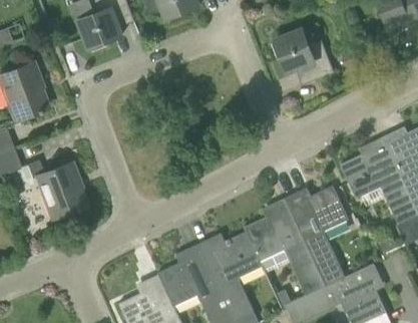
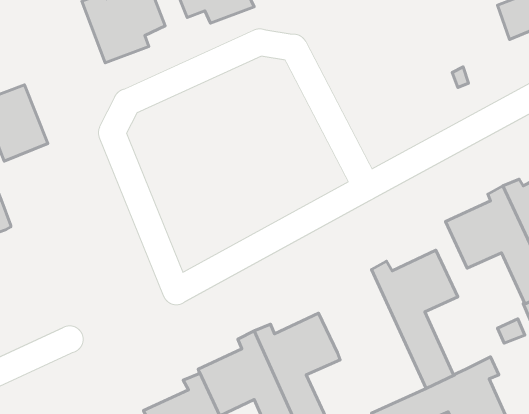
building: [275,30,333,85] -> none
building: [26,160,84,219] -> none
building: [244,200,325,296] -> none

